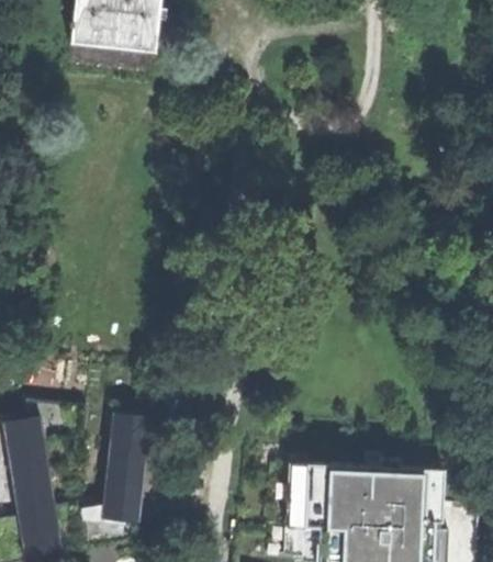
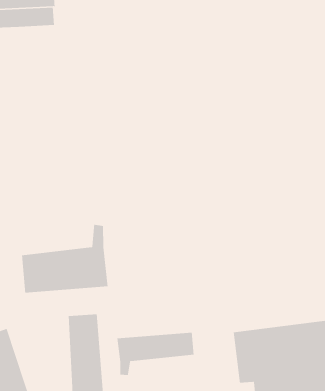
building: none -> [21,224,108,293]
building: none -> [117,332,195,376]

